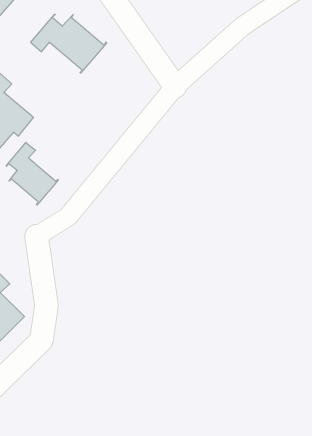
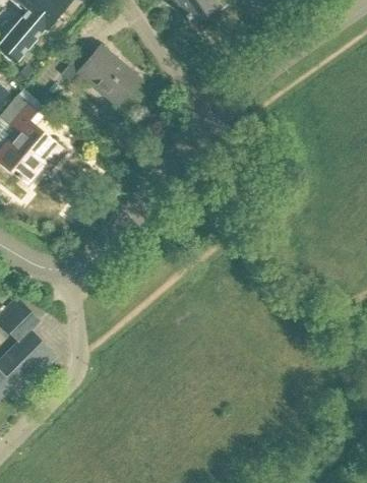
building: [6,142,58,205] -> none

